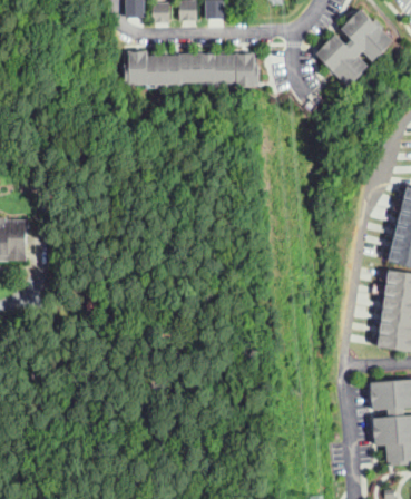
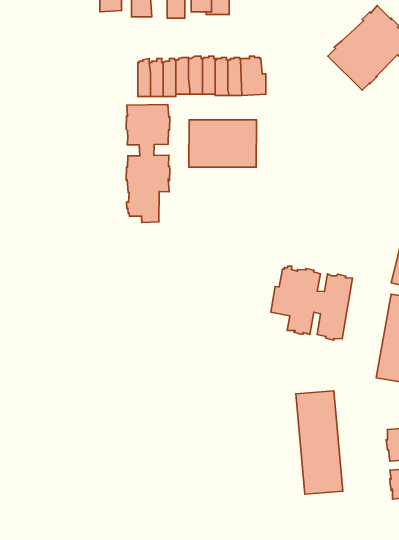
building: [136,55,158,88] -> none
building: none -> [126,104,170,223]
building: none -> [189,120,256,167]
building: none -> [271,266,353,340]
building: none -> [296,391,343,494]

